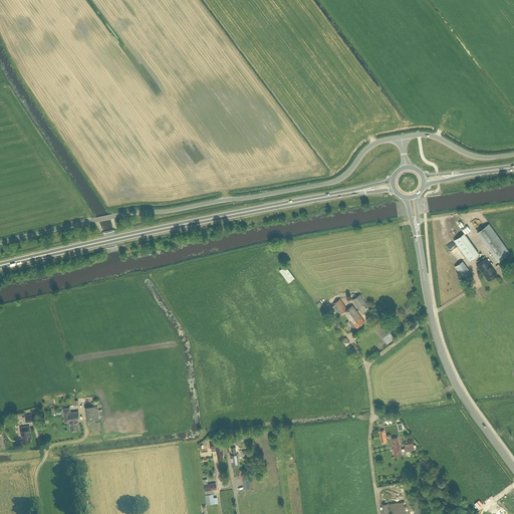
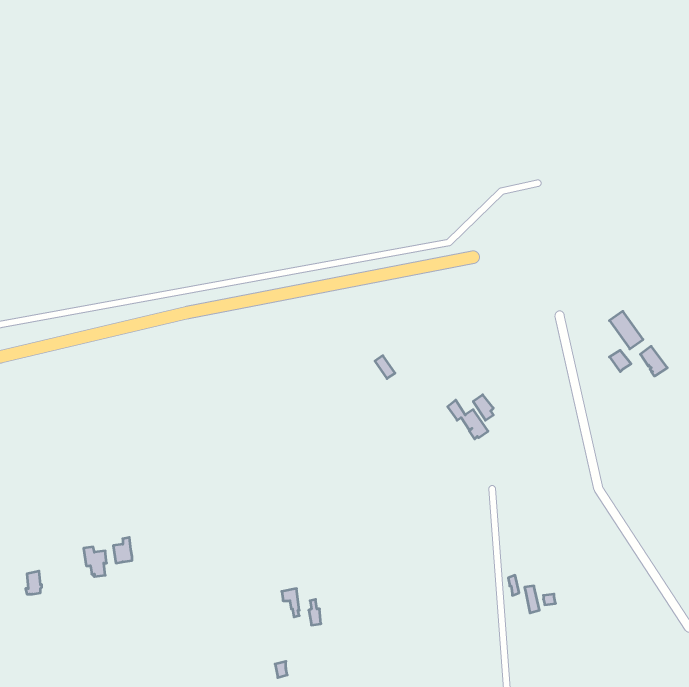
building: [477,224,509,261] -> none

